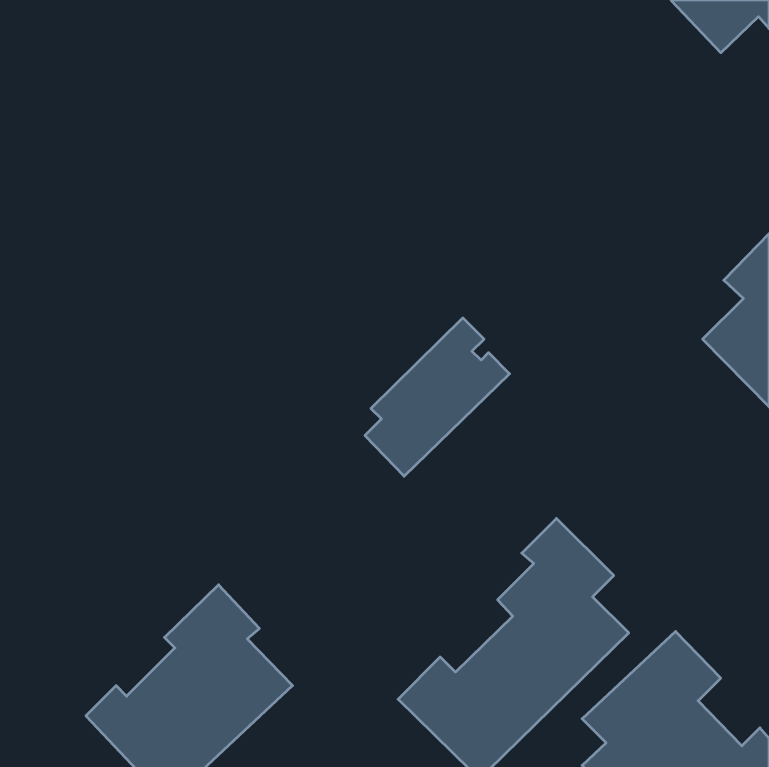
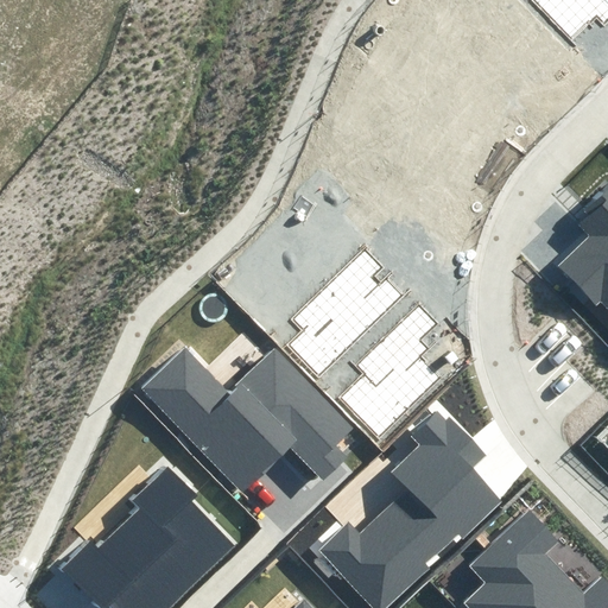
building: none -> [340,304,439,439]
building: none -> [138,343,357,499]

